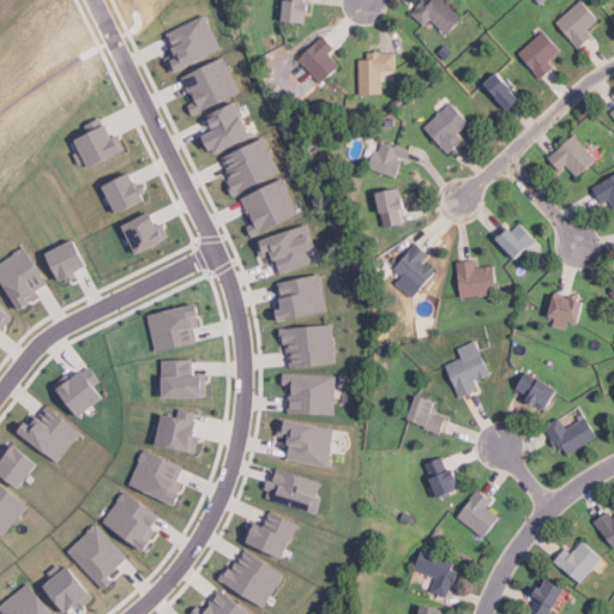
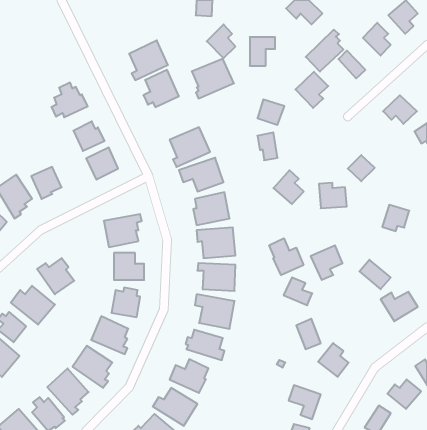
building: [164,17,221,74] -> none
building: none -> [306,30,343,72]
building: [219,140,279,197] -> [192,59,234,98]
building: none -> [269,238,303,275]

